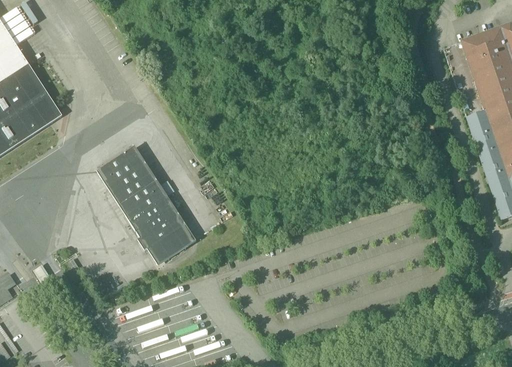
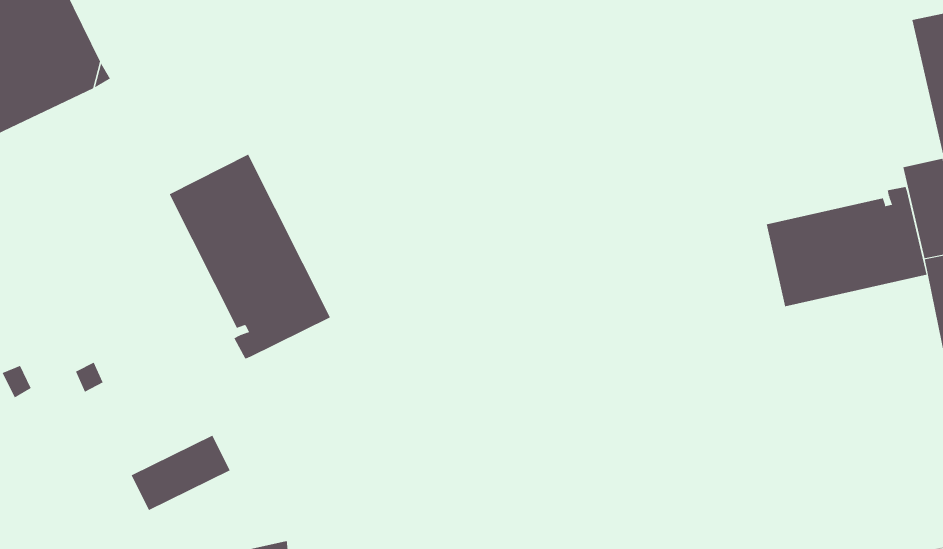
building: none -> [766,186,927,307]
building: [147,223,197,265] -> [131,435,230,511]

